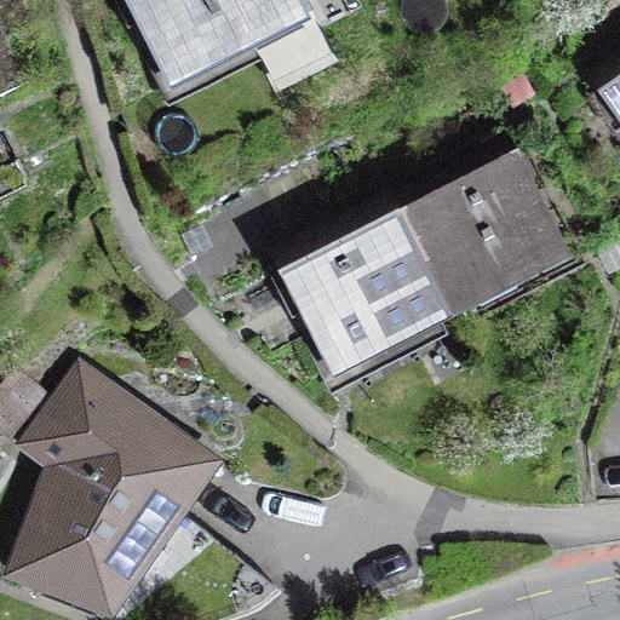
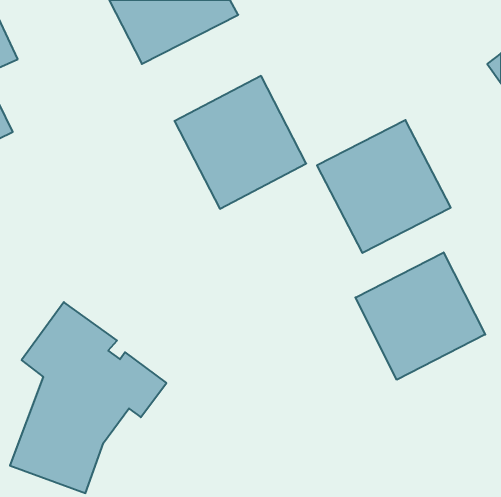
building: [283,211,446,374] -> [174,76,306,209]
building: none -> [355,252,485,380]

